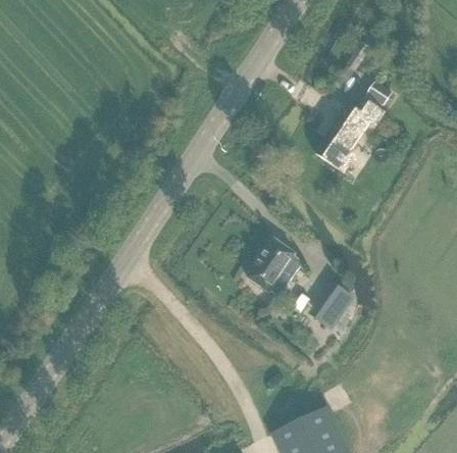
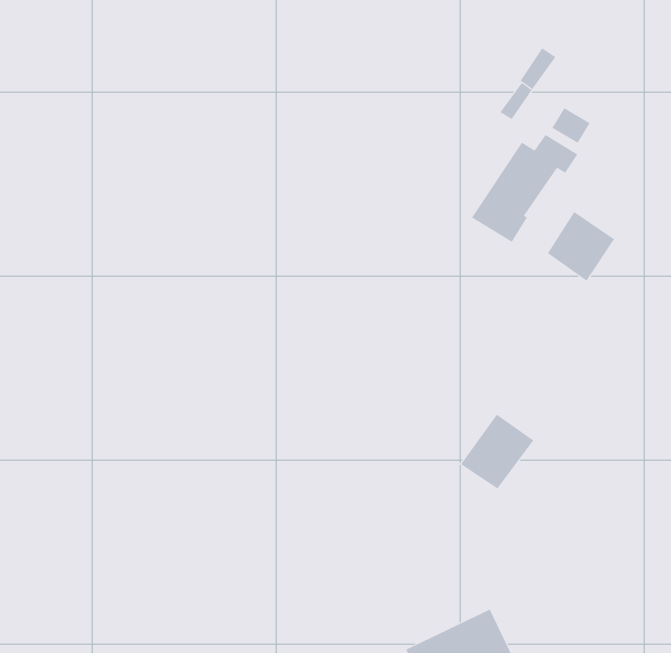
building: none -> [547,211,615,282]
building: [247,240,302,297] -> none

